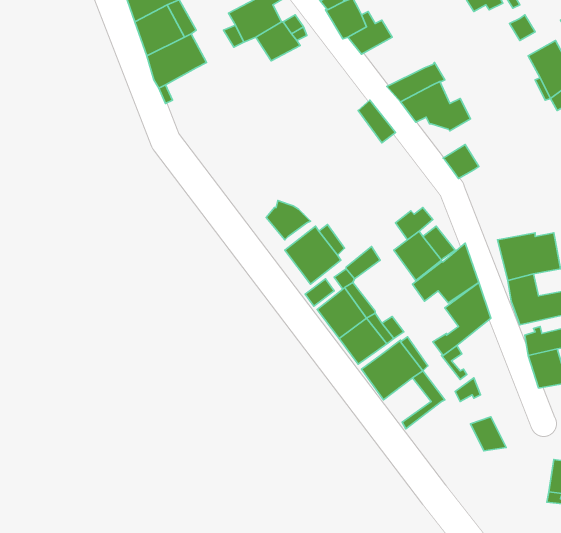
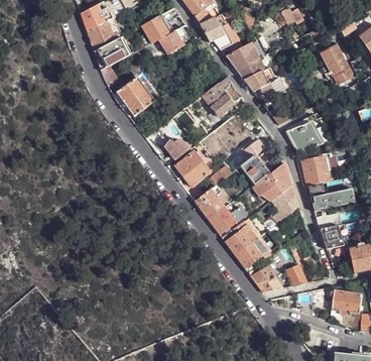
building: none -> [226,40,264,70]
building: none -> [116,78,154,117]
building: none -> [202,84,234,116]
building: none -> [286,122,322,152]
building: none -> [234,242,262,268]
building: none -> [250,265,282,292]

